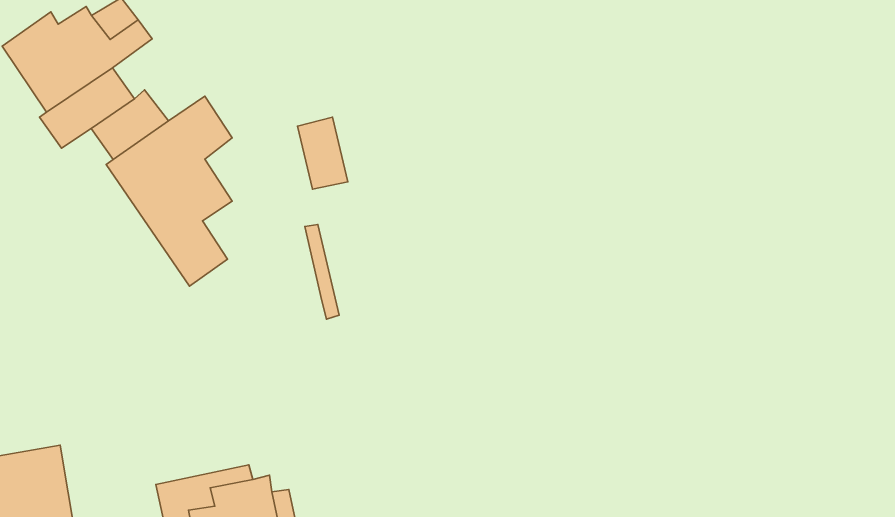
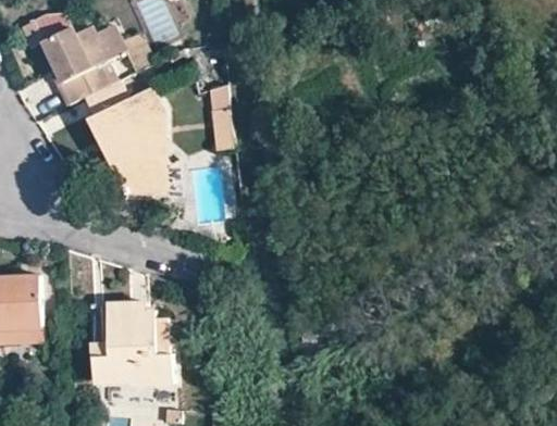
building: none -> [127,115,165,196]

